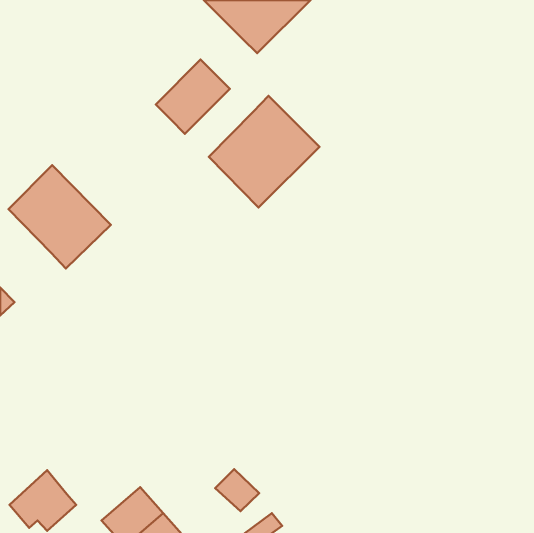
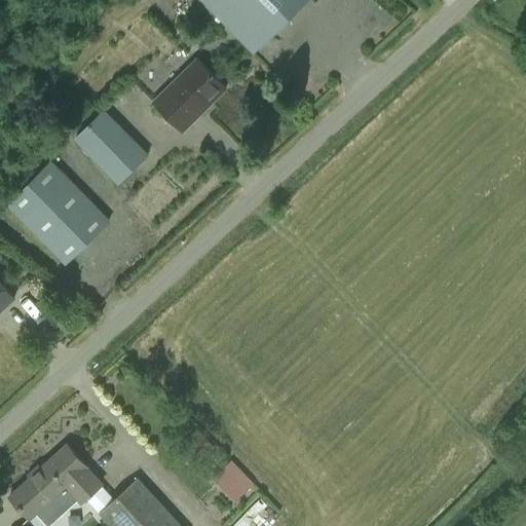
building: [209,96,319,207] -> none
building: none -> [73,110,147,184]
building: none -> [46,446,101,503]

